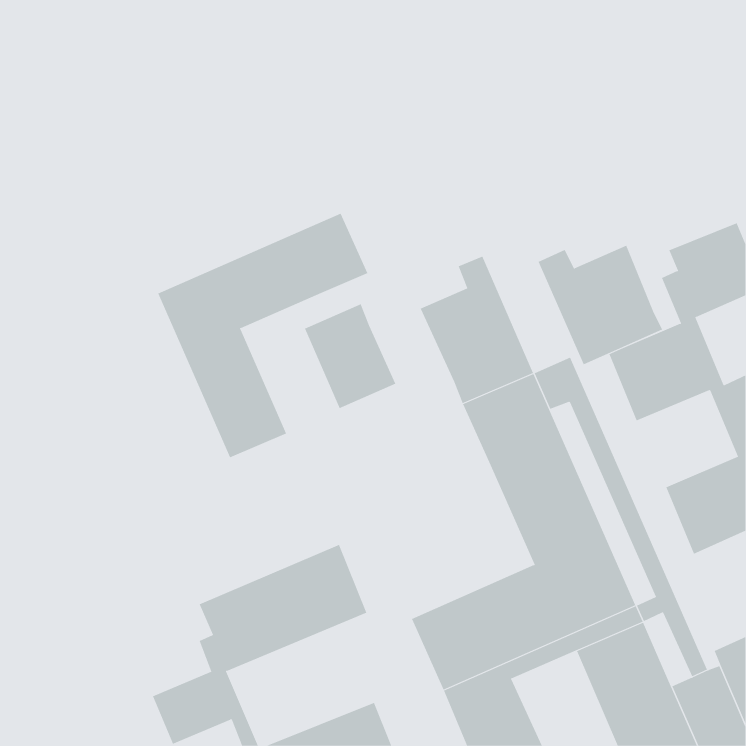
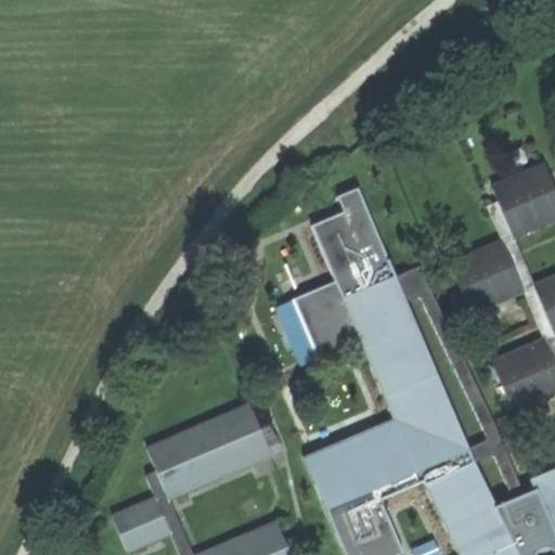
building: [157,213,368,458] -> none
building: [538,245,663,365] -> none
building: [304,304,396,409] -> [294,283,362,361]

